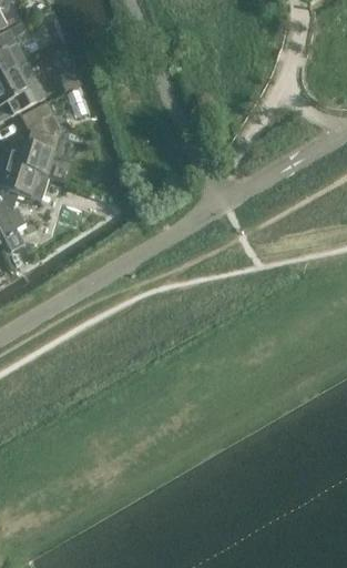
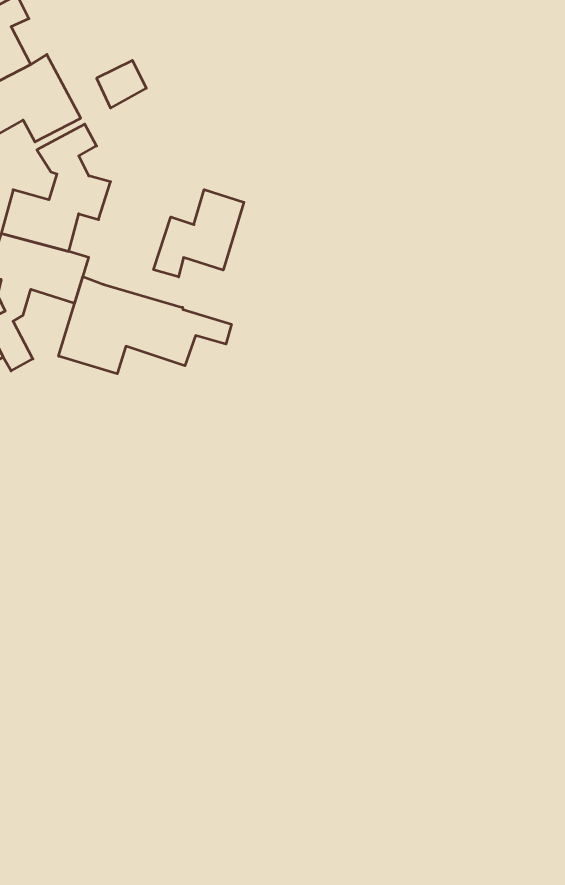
building: none -> [154,190,244,277]
building: none -> [59,276,231,374]

